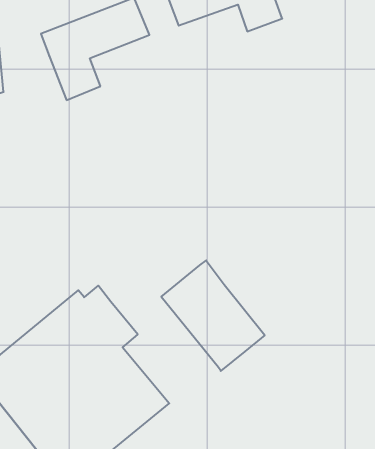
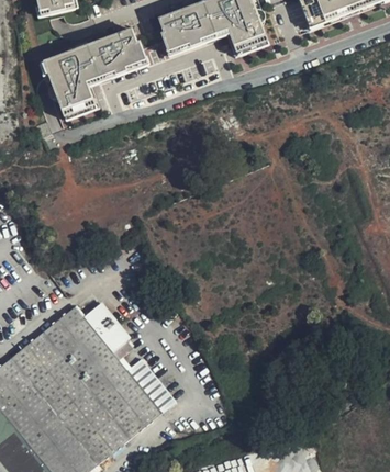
building: [161,260,265,371] -> none

